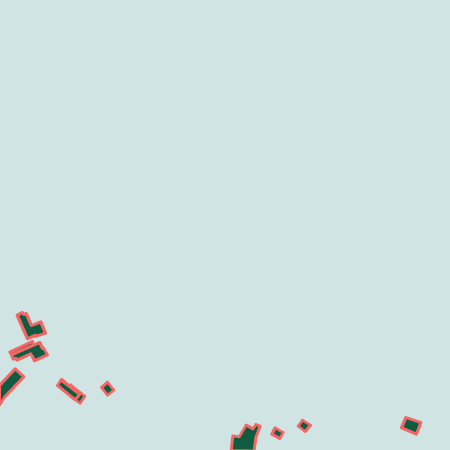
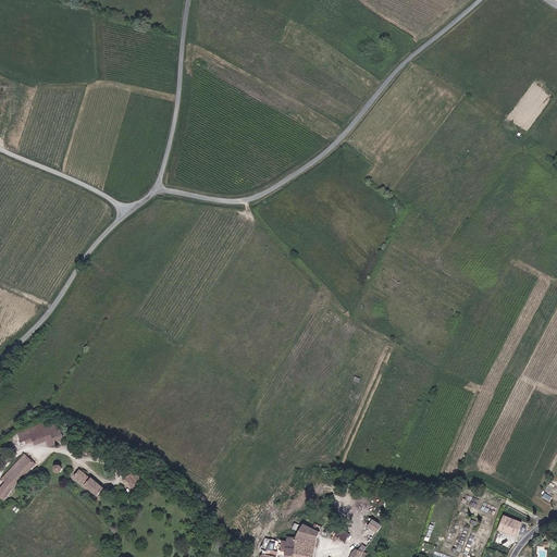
building: [17,313,45,339] -> none

